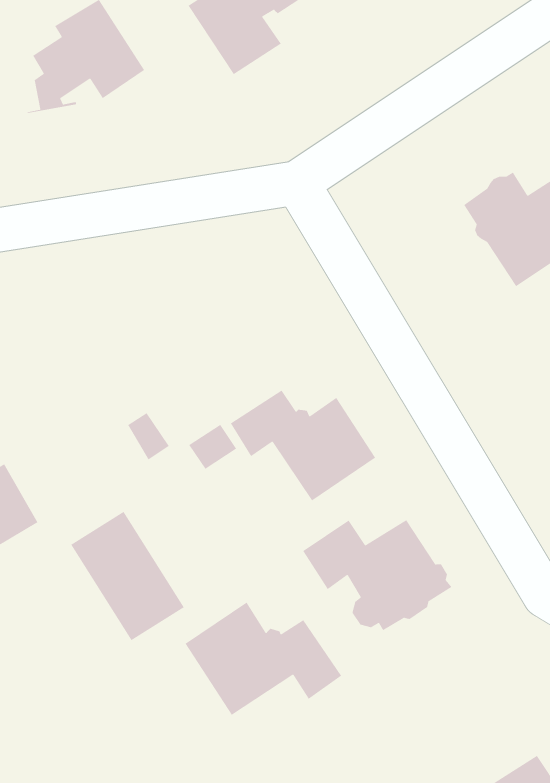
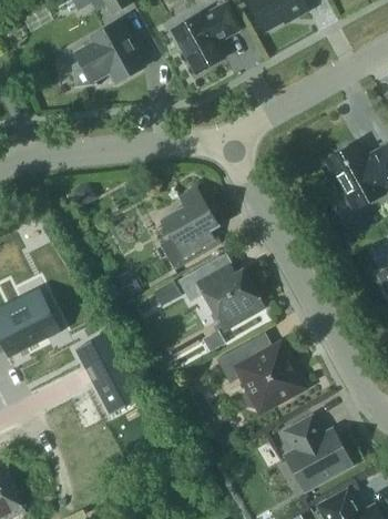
building: none -> [160,187,219,268]
building: [185,602,342,716] -> none
building: none -> [283,415,350,489]

